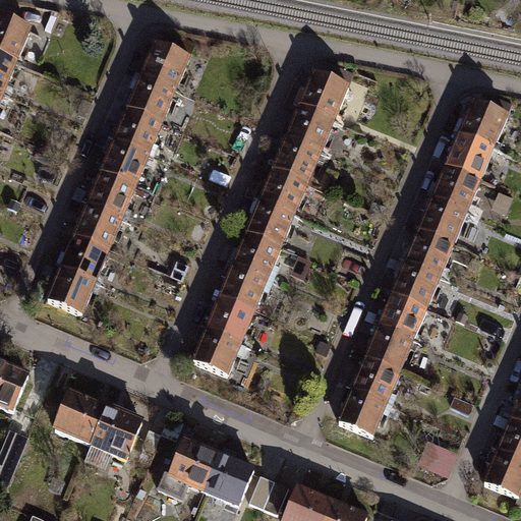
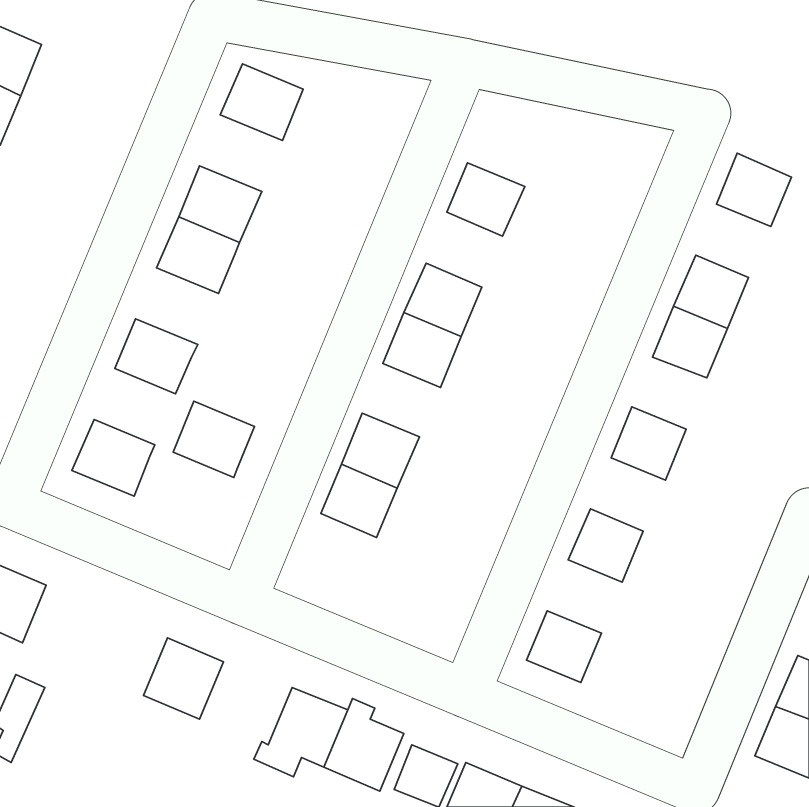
building: [298,71,348,119] -> none
building: [127,73,180,122] -> none
building: [444,130,491,177] -> none
building: [272,135,321,183] -> none
building: [86,171,139,220] -> none
building: [403,228,451,274] -> none
building: [231,232,281,279] -> none
building: [60,235,112,284] -> [173,401,254,478]
building: [377,292,424,339] -> none
building: [190,328,240,374] -> none
building: [349,357,397,404] -> none
building: [56,393,107,444] -> none
building: [414,439,455,475] -> none

